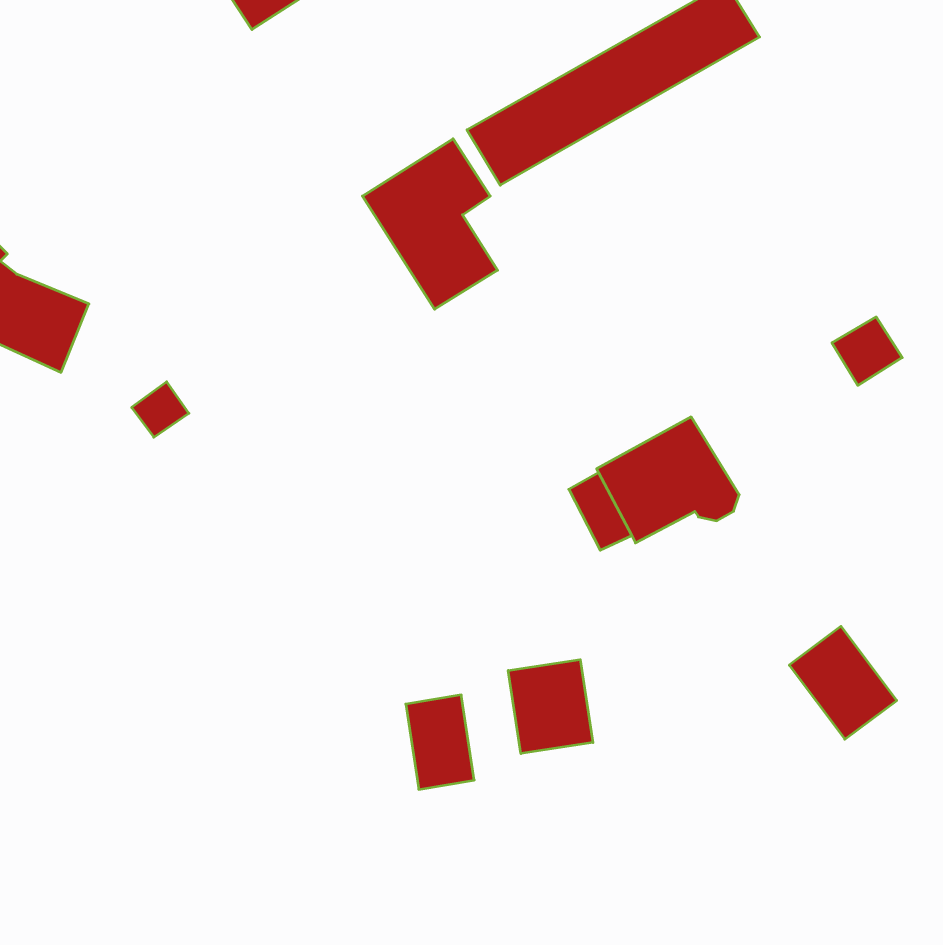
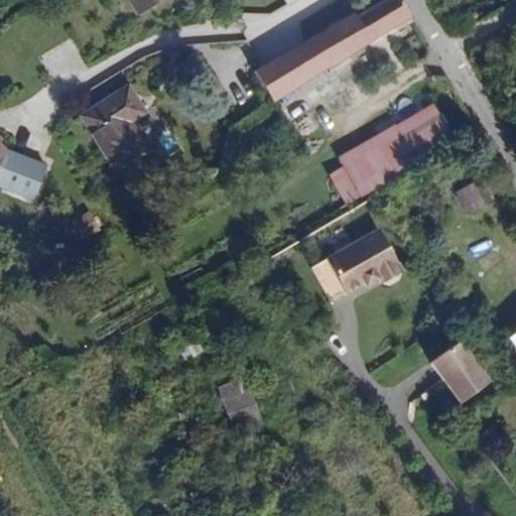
building: [362,139,498,309] -> [78,82,151,174]
building: none -> [327,101,460,206]
building: [508,660,593,754] -> none

